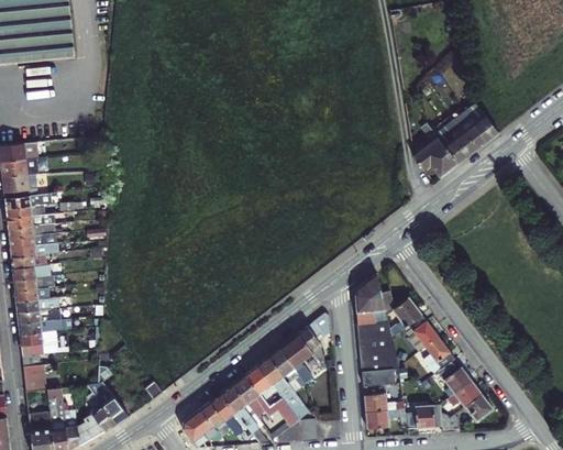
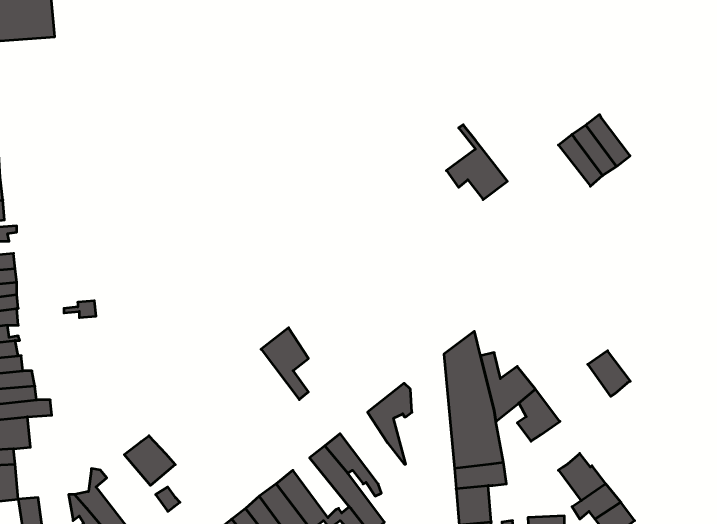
building: [465,106,499,144] -> none
building: [415,125,459,179] -> [446,125,507,200]
building: [278,329,312,381] -> [261,328,308,400]
building: [422,336,453,369] -> [588,351,630,396]
building: none -> [124,436,175,485]
building: [244,362,285,405] -> none

